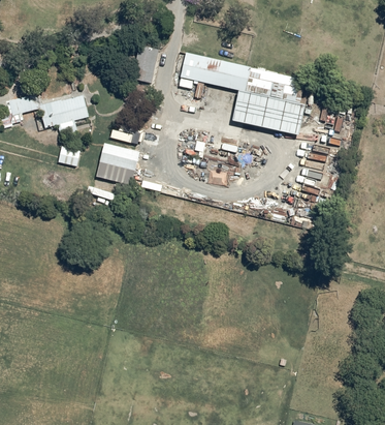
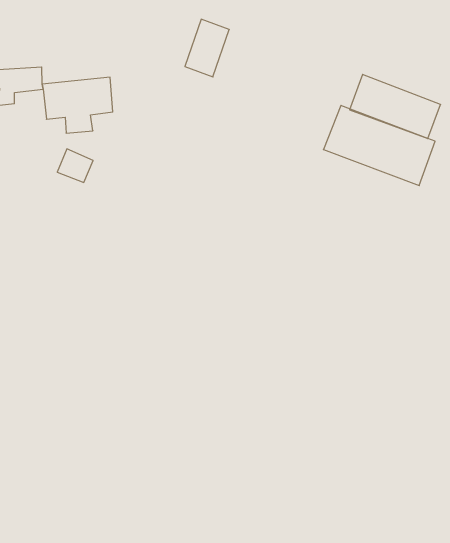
building: [181,52,251,91] -> none
building: [96,143,139,184] -> none

